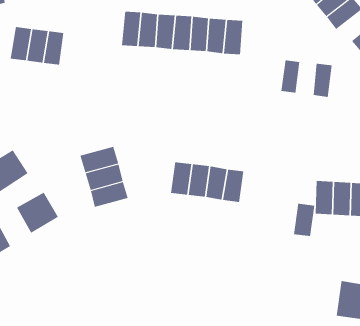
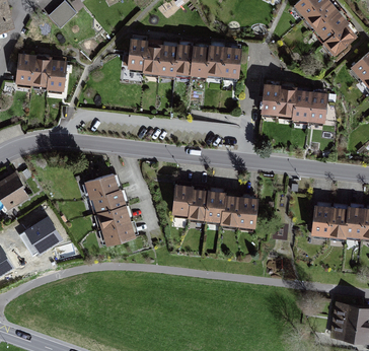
building: none -> [264,84,283,117]
building: none -> [294,88,313,121]
building: none -> [97,221,136,248]
building: [293,203,315,237] -> [239,195,261,227]

